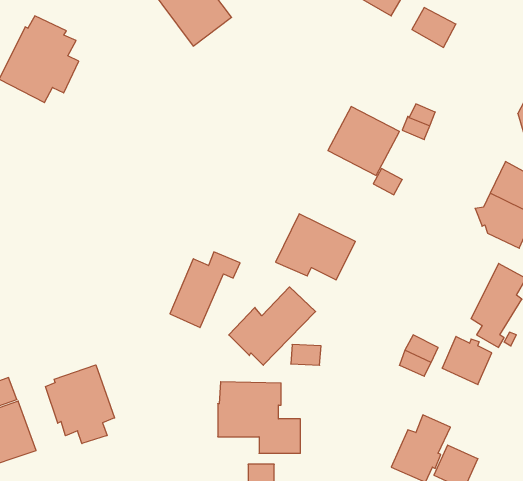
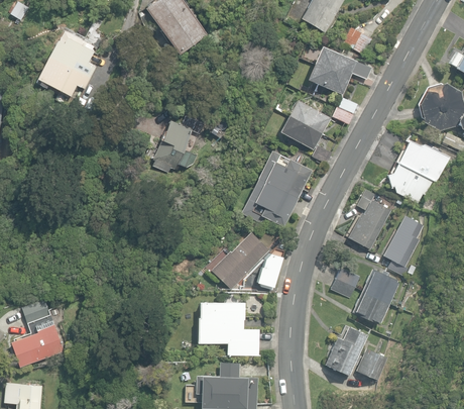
building: none -> [307,45,372,94]
building: none -> [258,149,314,198]
building: none -> [349,189,392,248]
building: [170,252,240,328] -> [153,114,205,170]
building: [46,365,115,444] -> none
building: none -> [353,291,389,324]

